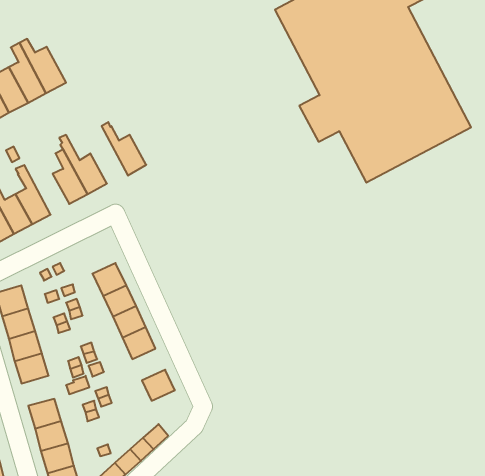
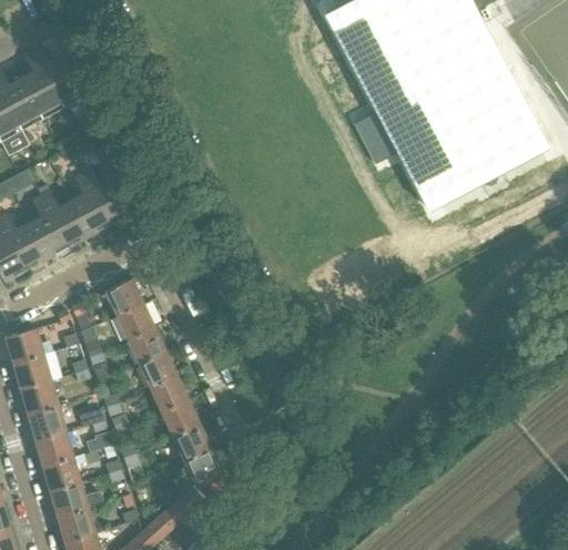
building: [102,122,146,176] -> [39,186,90,247]
building: none -> [105,278,143,315]
building: none -> [162,400,200,437]
building: none -> [36,431,73,466]
building: none -> [184,448,222,485]

